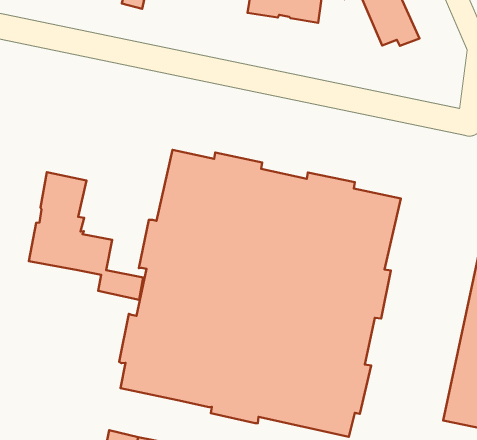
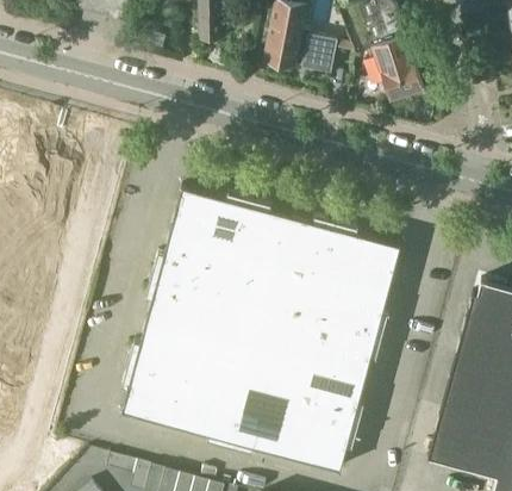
building: [29,172,143,300] -> none

